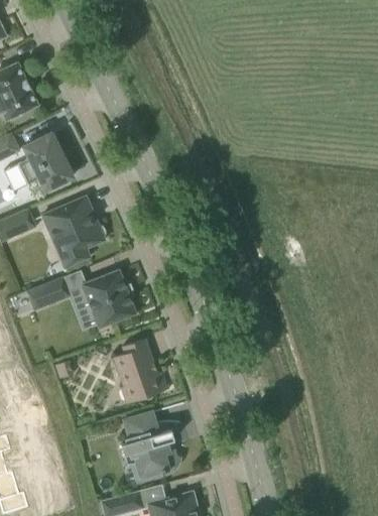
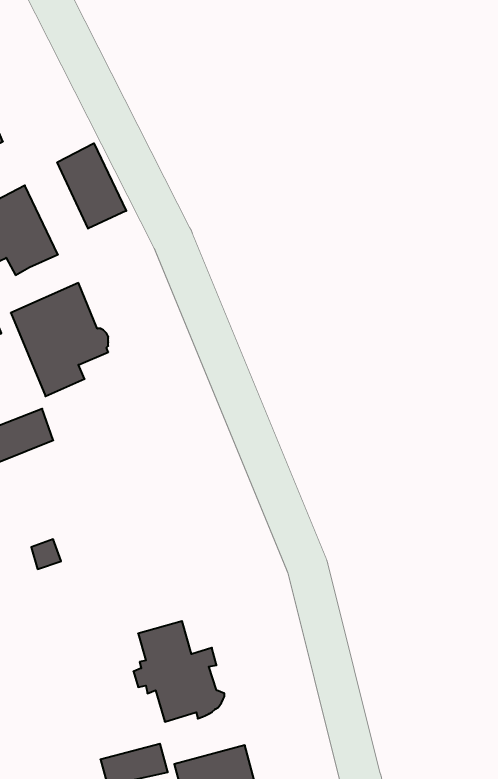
building: none -> [57,143,126,229]
building: [81,270,136,328] -> none
building: [113,338,169,403] -> none

